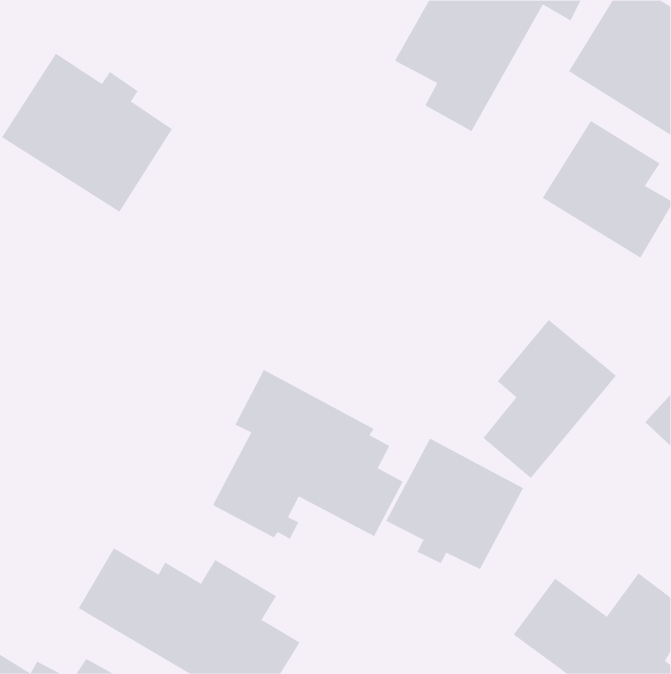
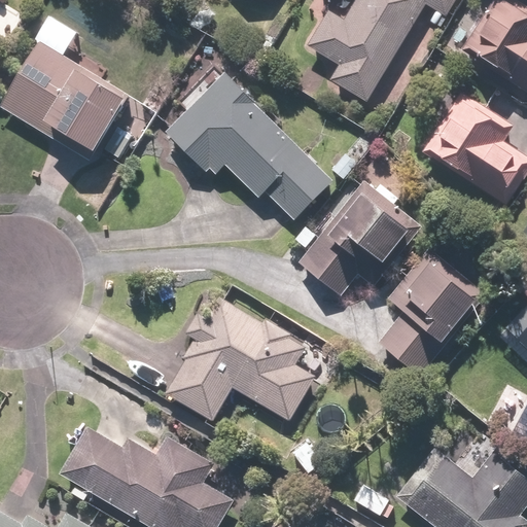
building: none -> [163,73,335,221]
building: none -> [302,182,417,294]
building: [386,438,524,570] -> none

